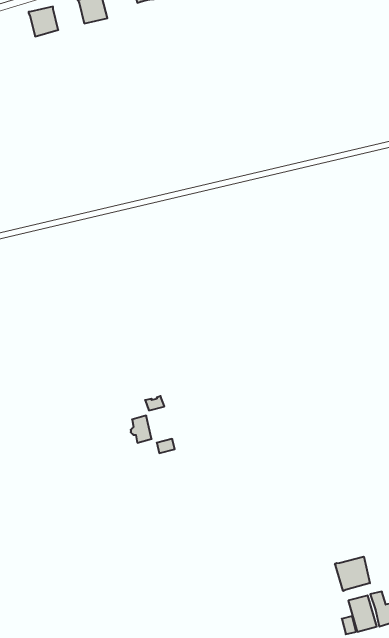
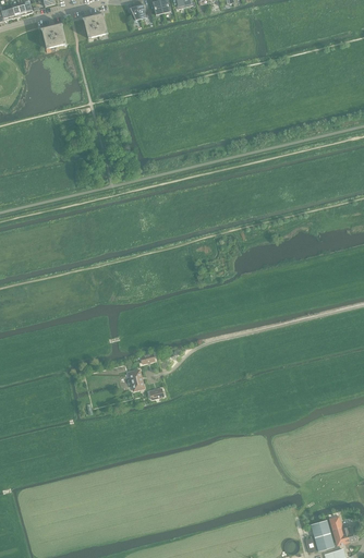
building: [335,557,370,591] -> none

